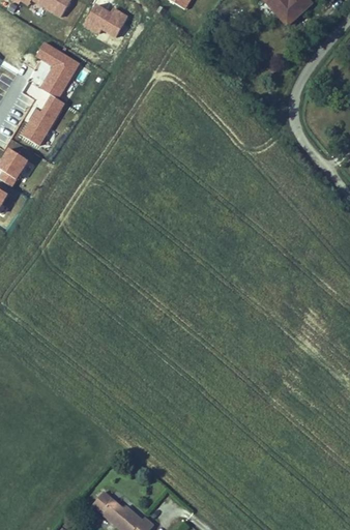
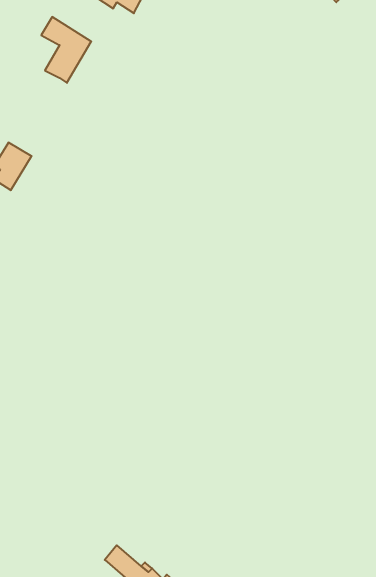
building: [19,91,64,144] -> none

